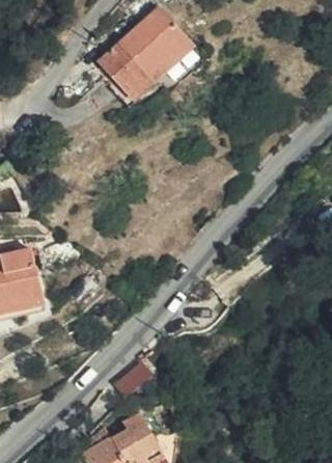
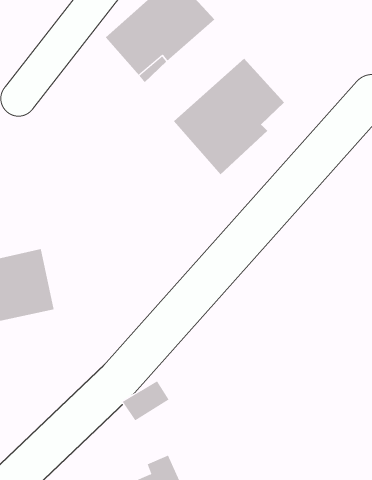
building: none -> [173,58,285,175]

